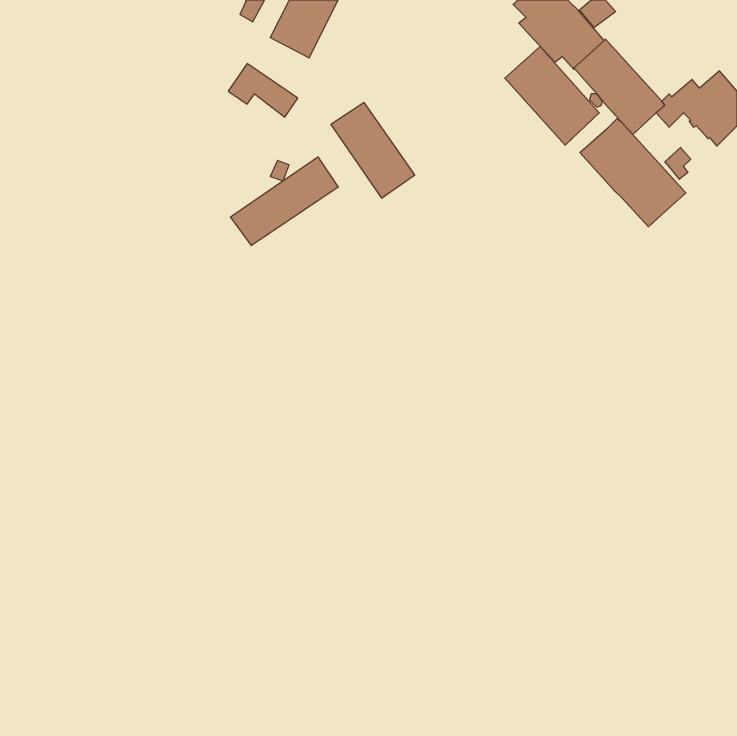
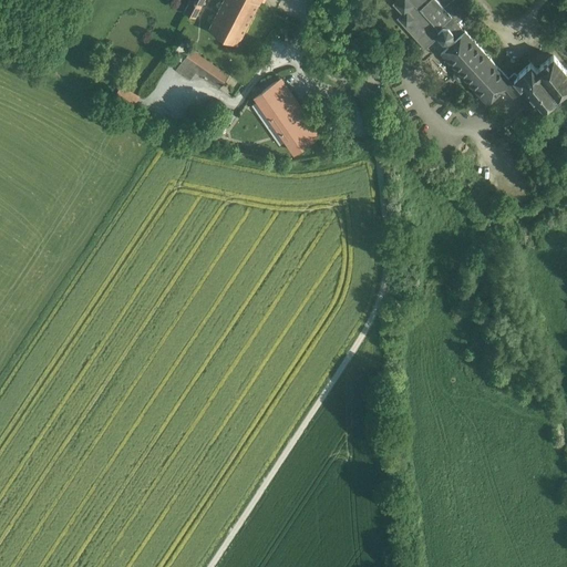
building: [505,46,599,145] -> none
building: [580,119,686,227] -> none
building: [231,157,338,246] -> none

